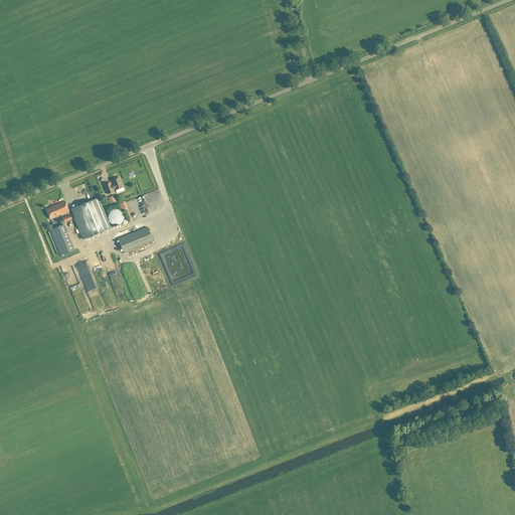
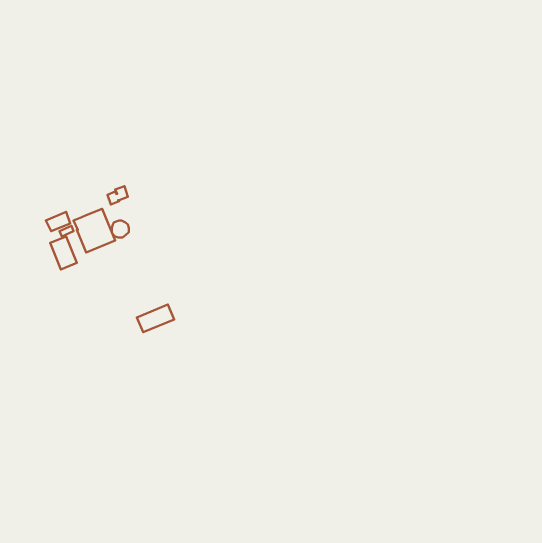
building: [116,226,151,252] -> [137,305,174,332]

